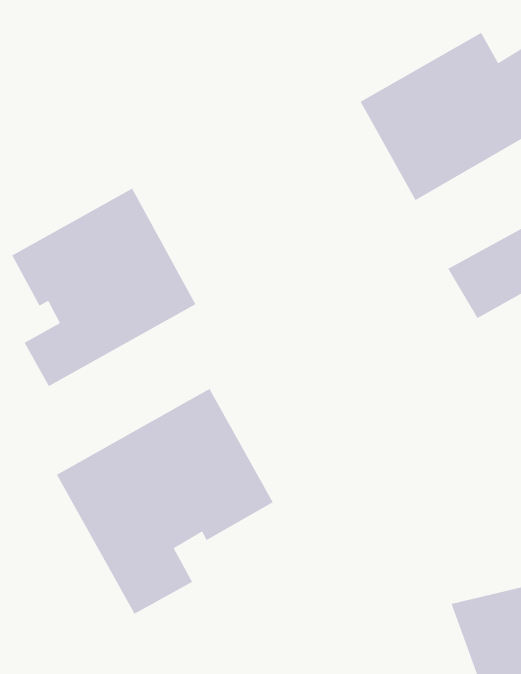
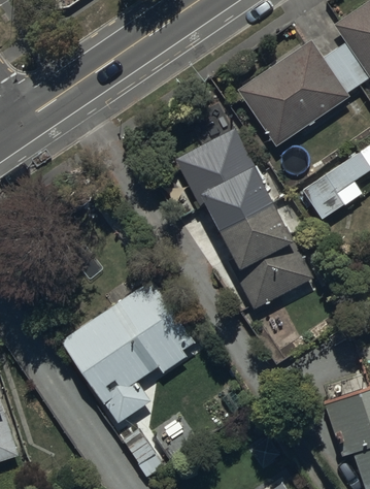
building: none -> [174,128,310,312]
building: [11,188,197,387] -> none

